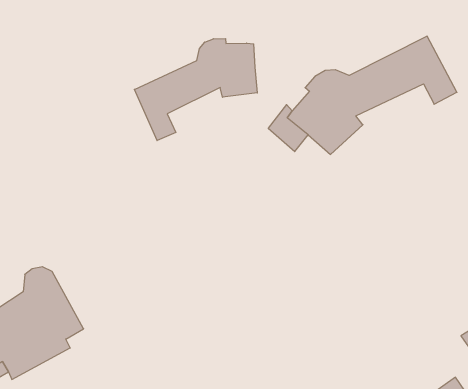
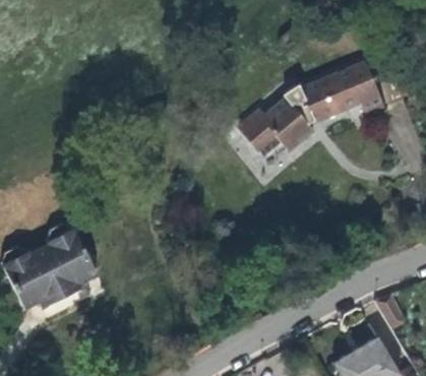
building: [134,39,257,141] -> none

